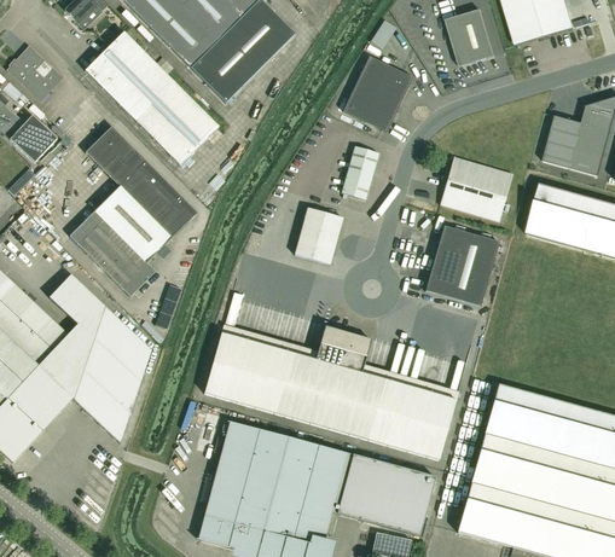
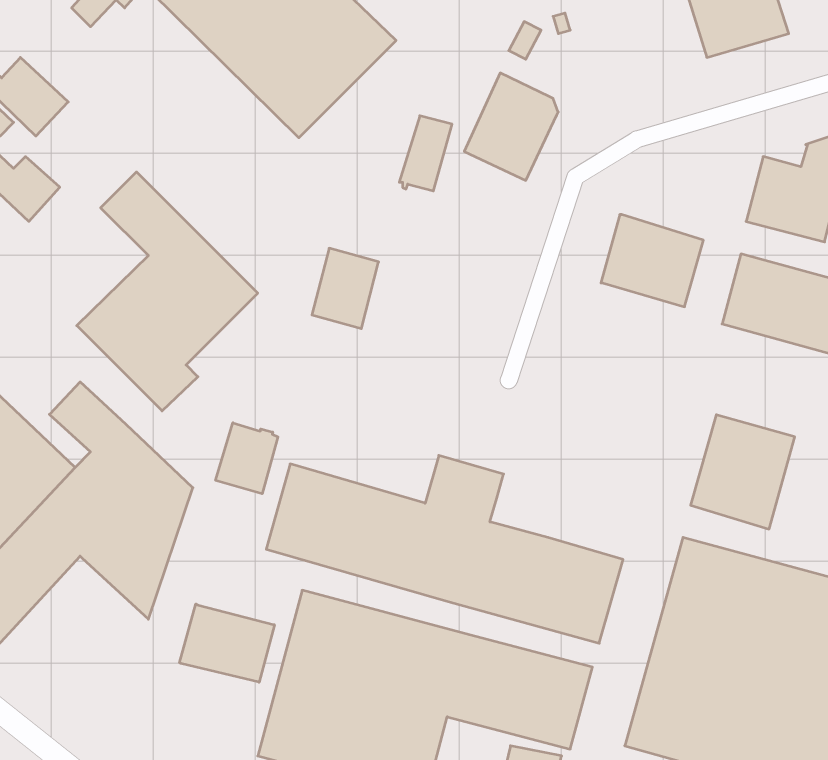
building: [445,10,494,66] -> none
building: [85,31,224,164] -> none
building: [341,146,378,199] -> [399,116,452,191]
building: [295,208,342,265] -> [312,248,379,329]
building: [425,226,499,307] -> [691,415,795,529]
building: none -> [216,423,278,494]
building: none -> [180,604,274,682]

